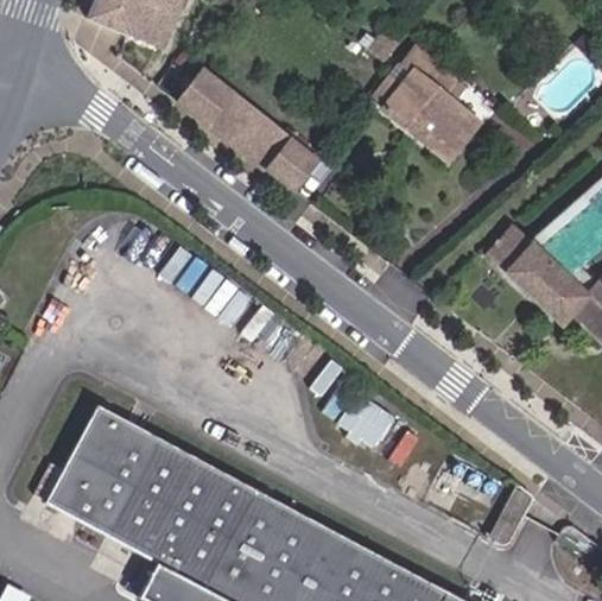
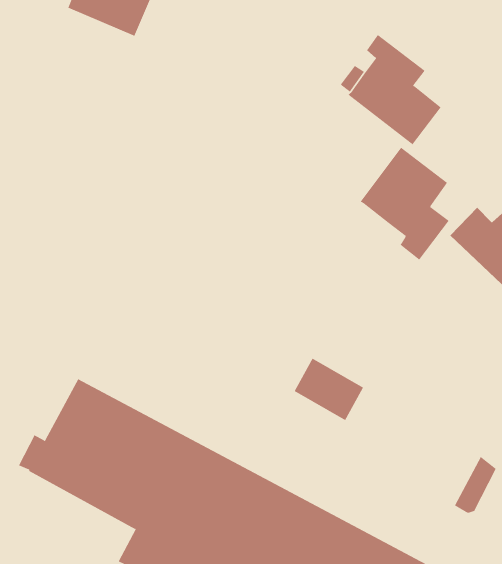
building: [177,75,316,191] -> none
building: none -> [360,147,450,261]

